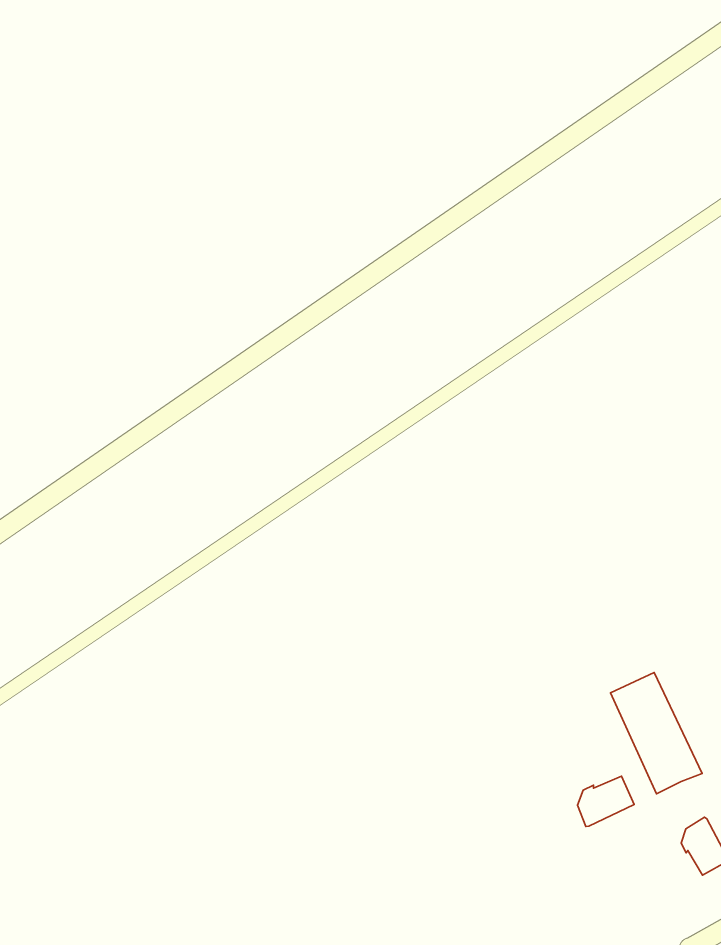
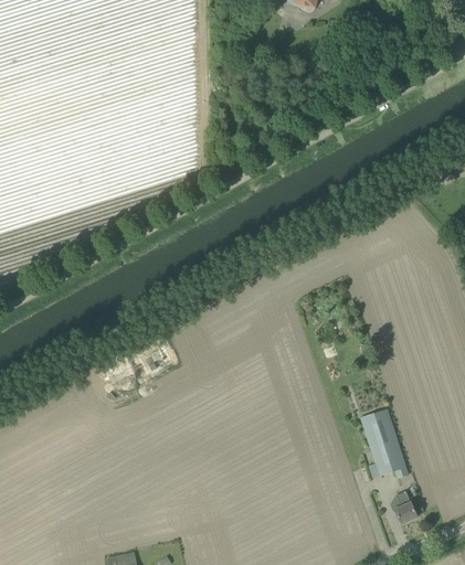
building: [578,776,634,826] -> none

